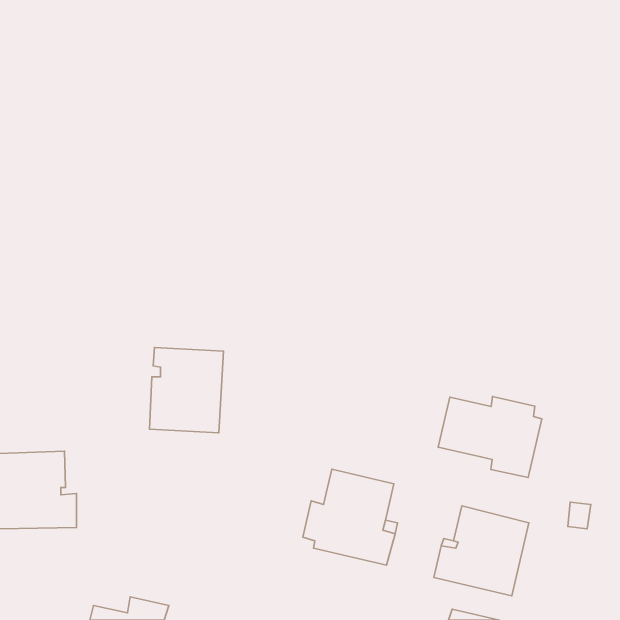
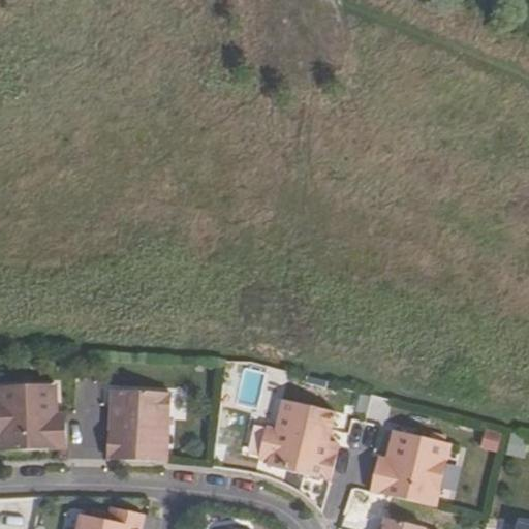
building: [149,348,224,433] -> [106,390,169,462]
building: [438,396,542,477] -> none

